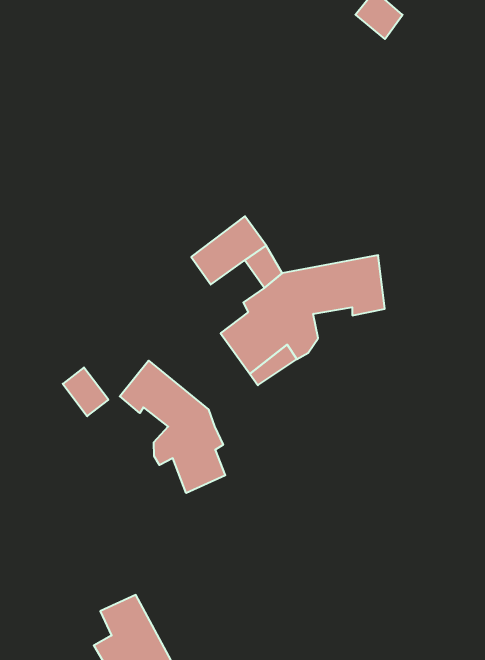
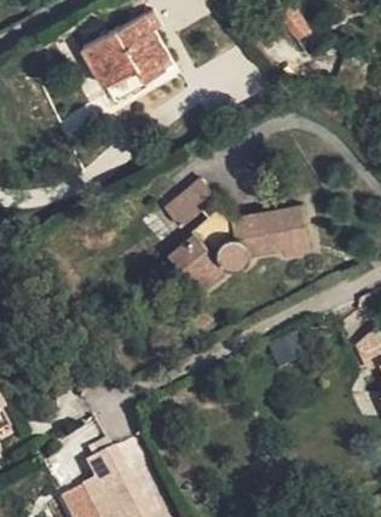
building: none -> [85,24,167,91]
building: [120,361,225,493] -> none

